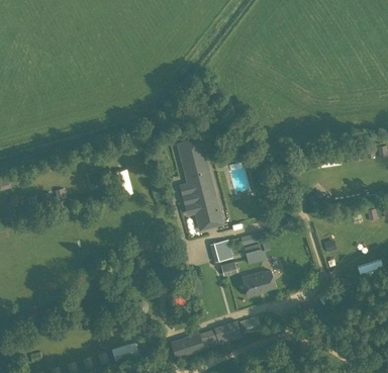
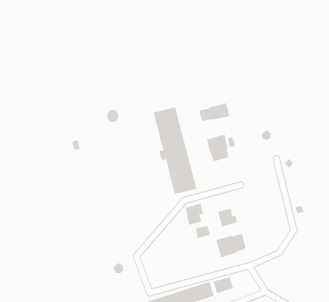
building: none -> [199,102,230,122]
building: none -> [206,134,229,162]

